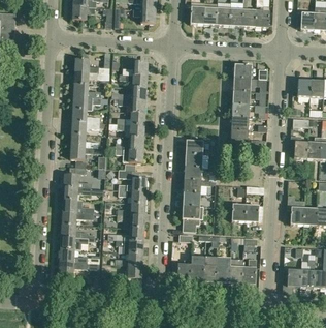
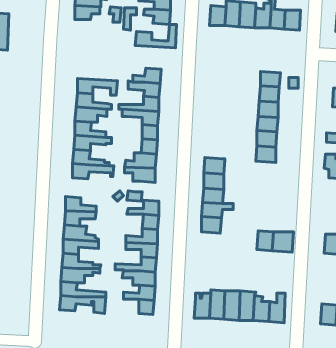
building: [74,52,110,72] -> [135,24,177,48]
building: [182,205,201,232] -> none

